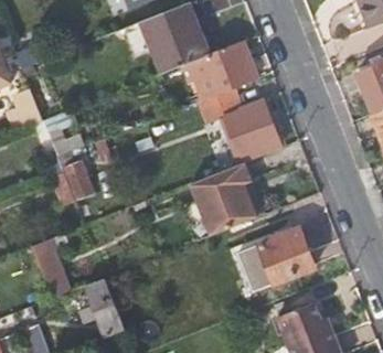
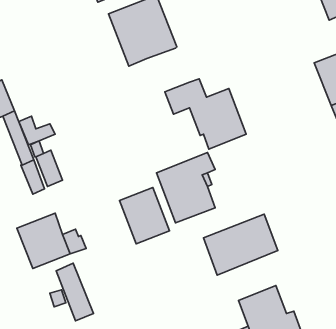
building: [180,41,258,99] -> none
building: none -> [120,188,169,244]

